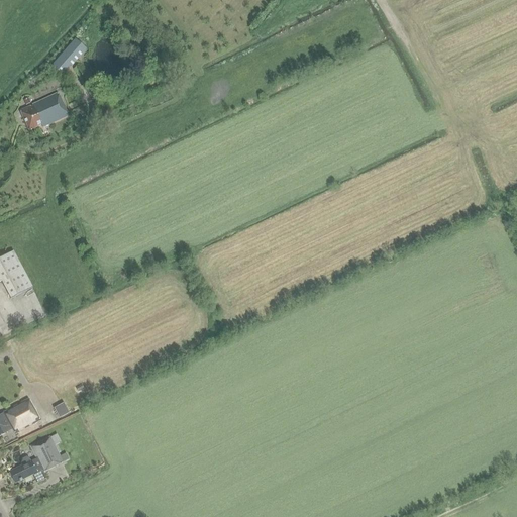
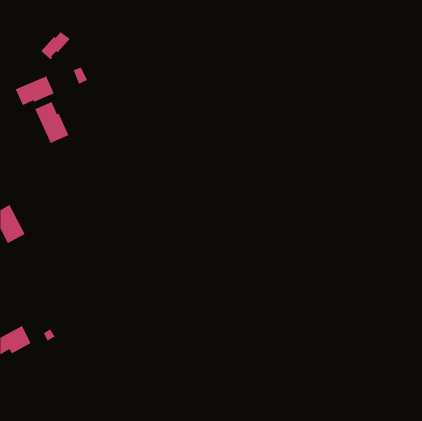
building: none -> [34,101,69,144]
building: [8,436,62,482] -> none

